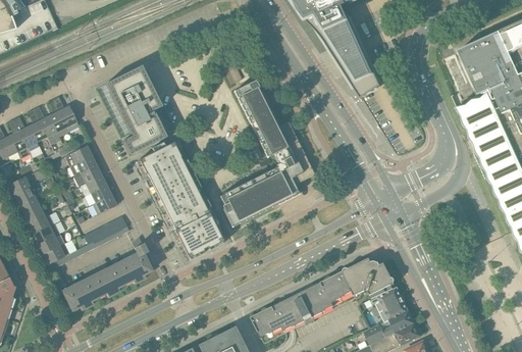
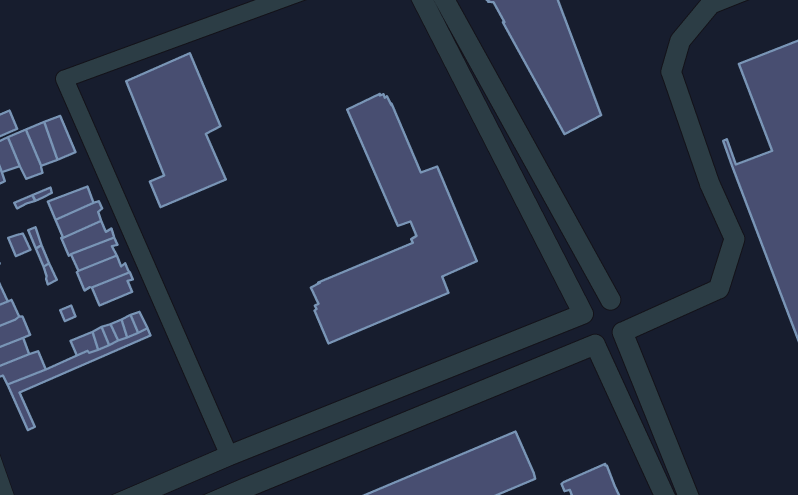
building: [135,135,227,261] -> none
building: [63,239,151,309] -> none
building: [343,260,396,298] -> none

